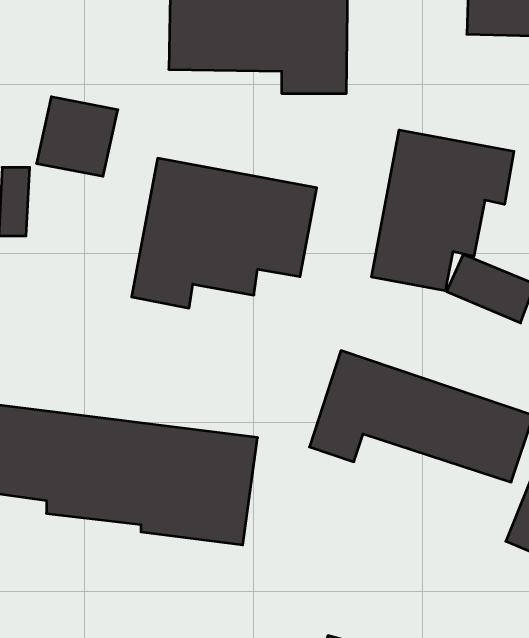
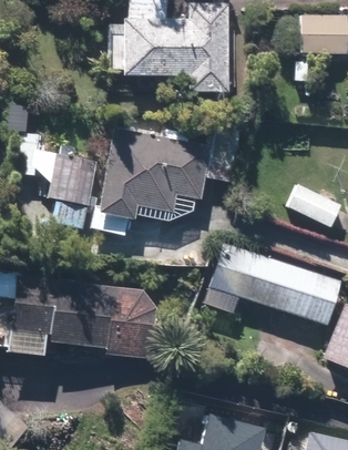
building: [36,97,118,176] -> [45,155,94,203]
building: [372,130,514,291] -> none

